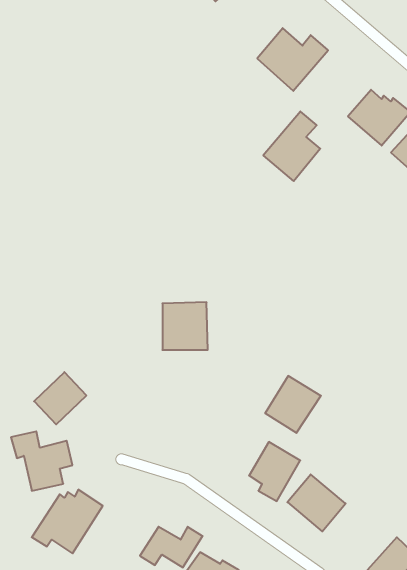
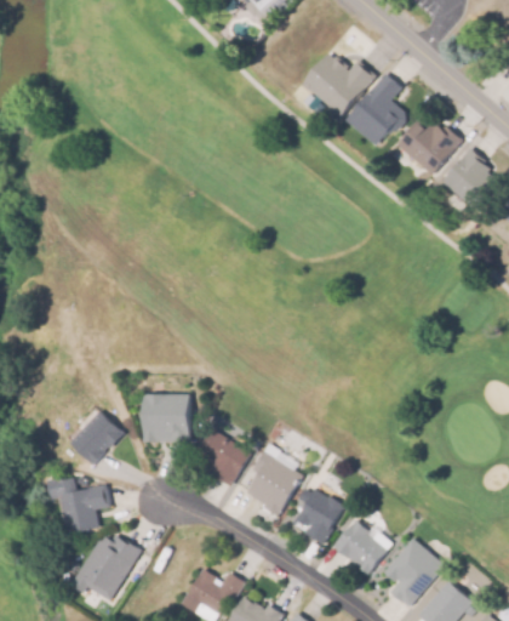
building: [263,111,320,181] -> [345,73,405,146]
building: [162,302,208,350] -> [143,391,190,440]
building: [265,376,321,433] -> [245,454,303,513]
building: none -> [193,427,251,485]
building: none -> [385,536,446,605]

